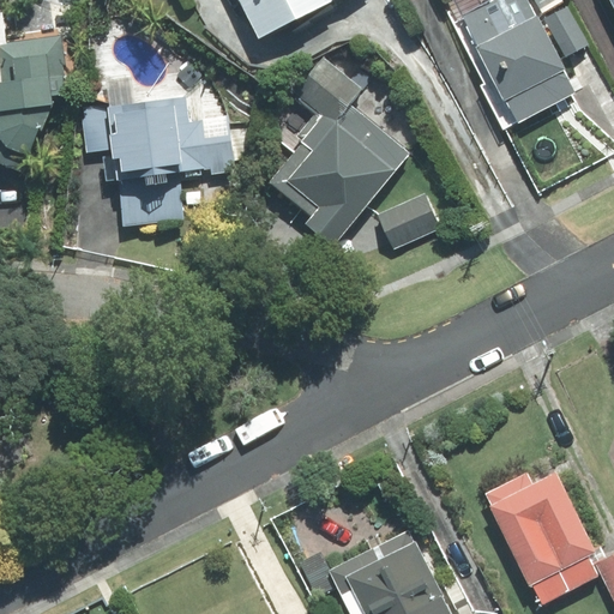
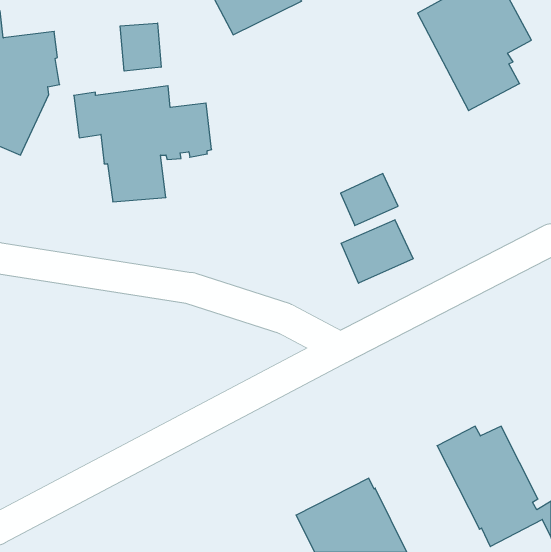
building: none -> [120,23,161,71]
building: [267,55,410,246] -> none
building: none -> [341,220,413,283]

